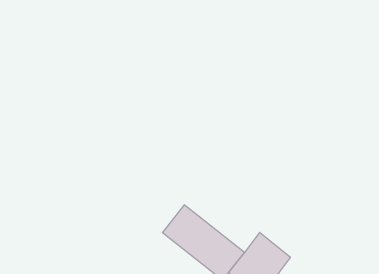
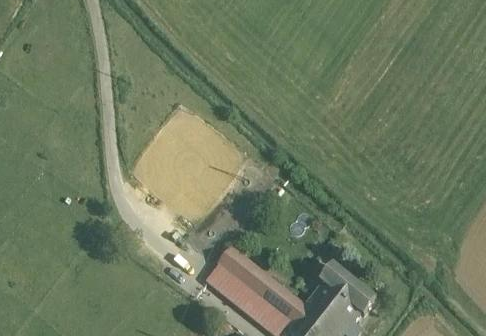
building: none -> [318,264,374,314]

